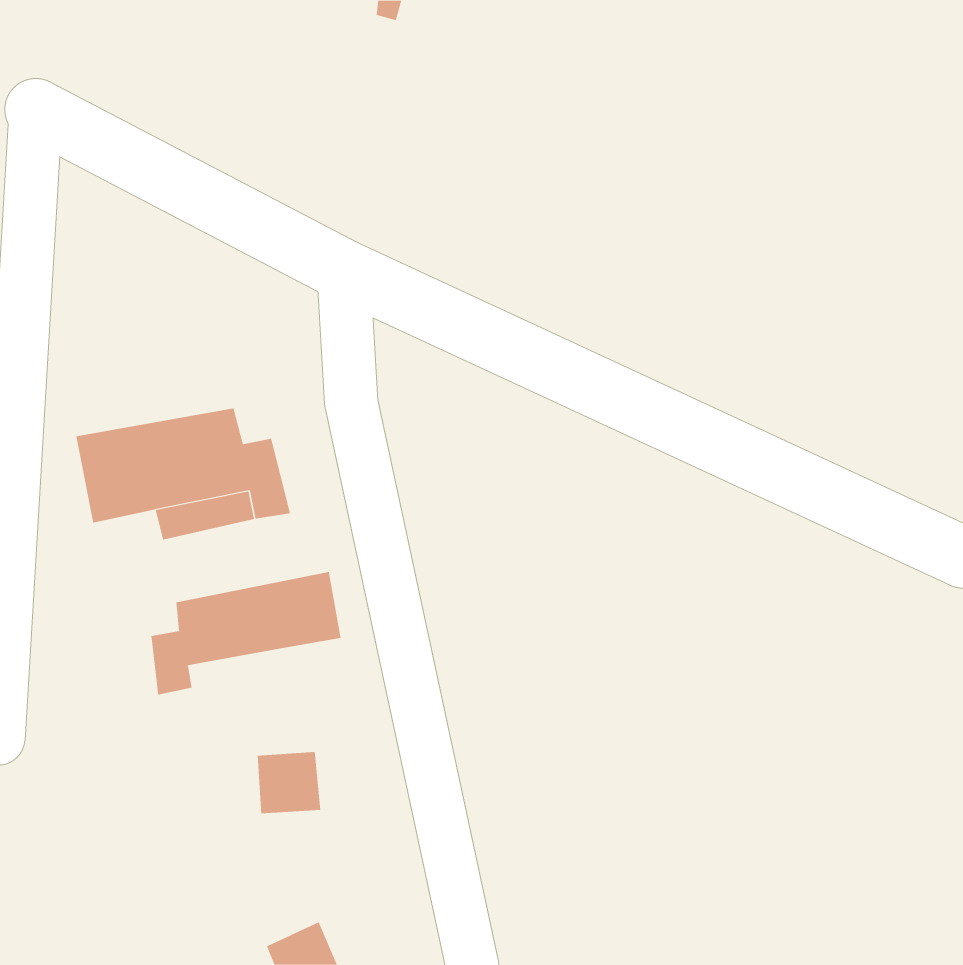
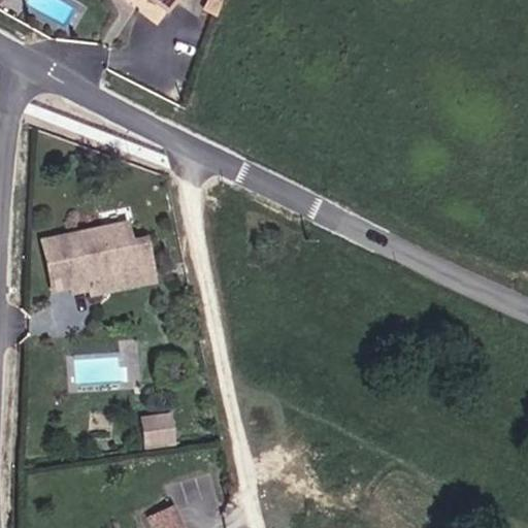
building: [151,571,341,696] -> none

